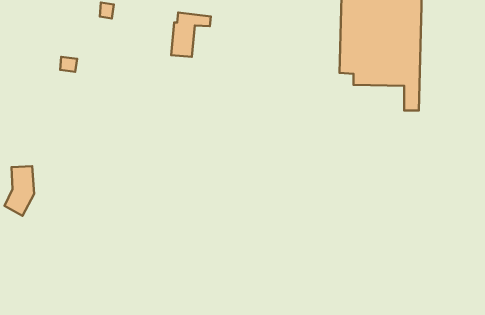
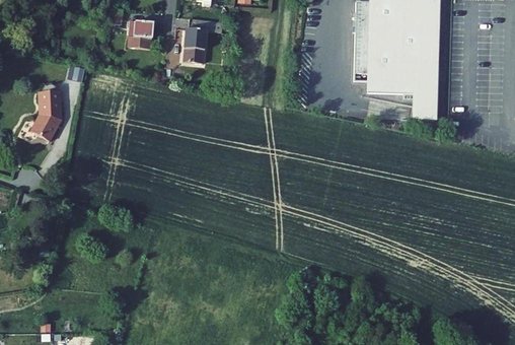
building: none -> [128,22,153,50]
building: [5,166,34,216] -> [31,91,62,142]

